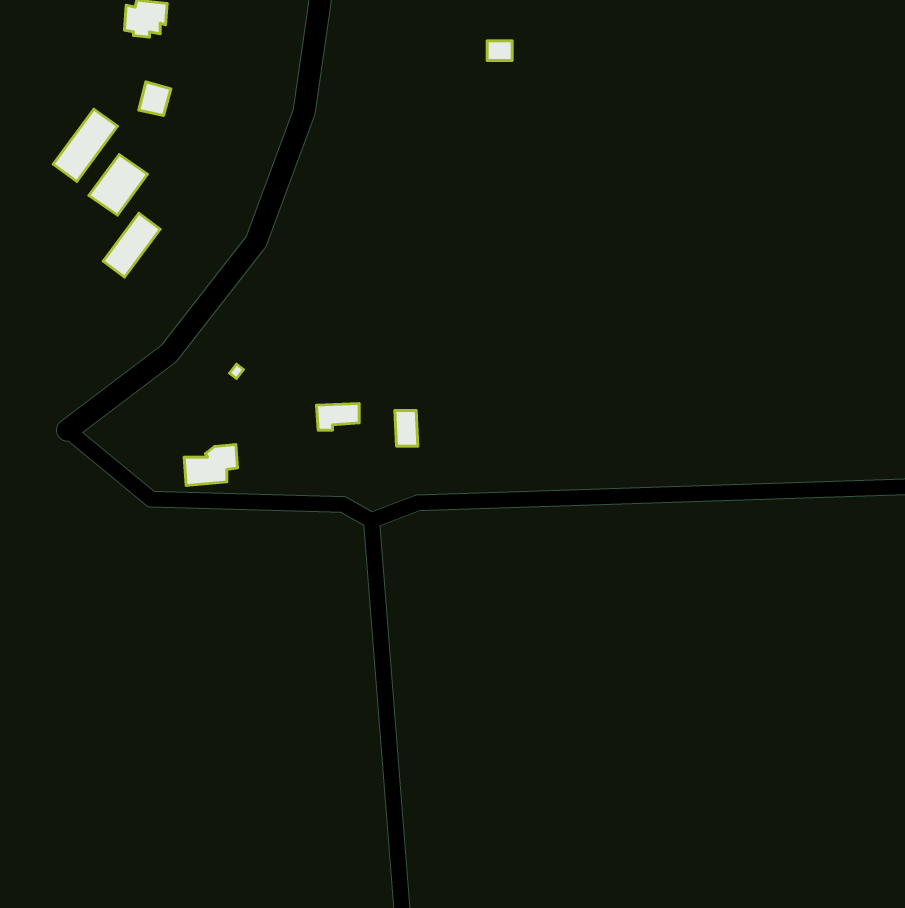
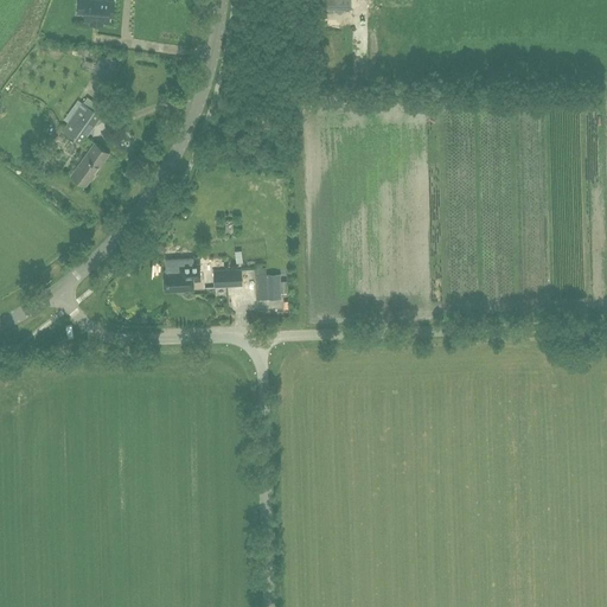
building: [53,109,118,181] -> none
building: [184,445,238,486] -> [162,264,198,292]

